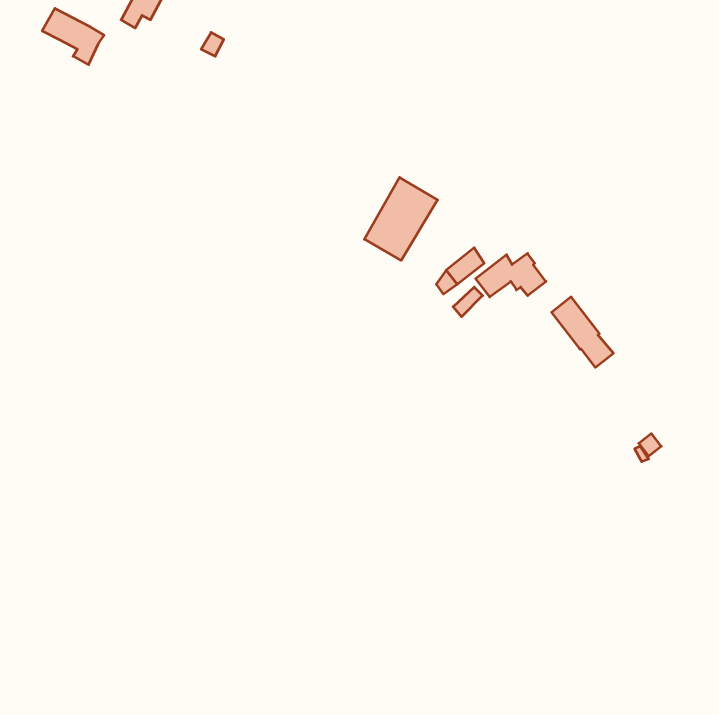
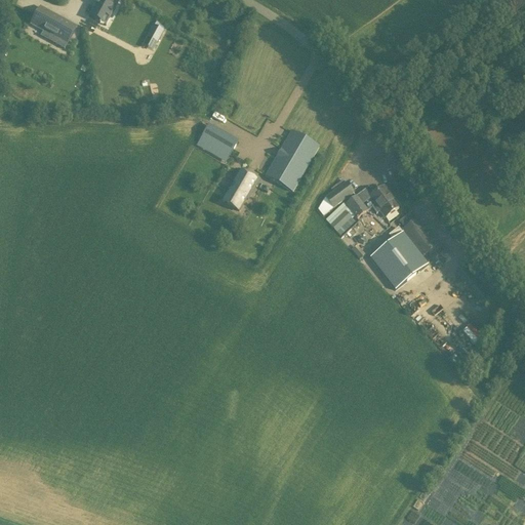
building: none -> [197,123,238,160]
building: none -> [221,167,258,209]
building: none -> [368,229,426,286]

